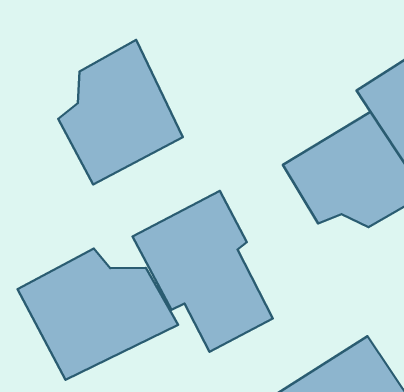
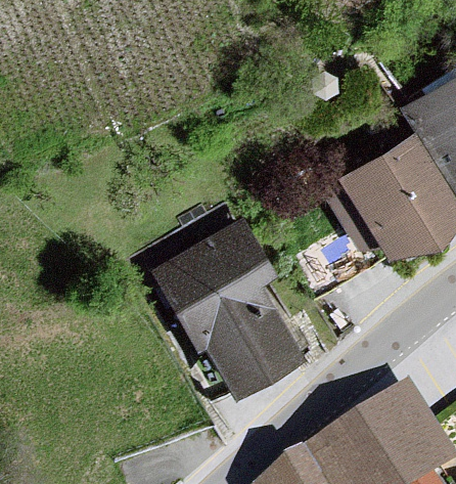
building: [58,40,183,184] -> none
building: [18,249,178,380] -> none

